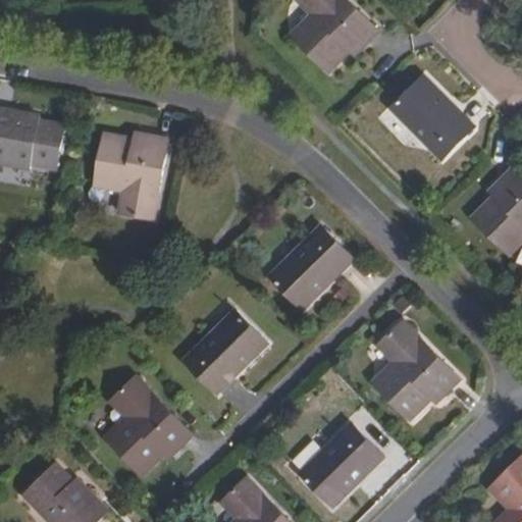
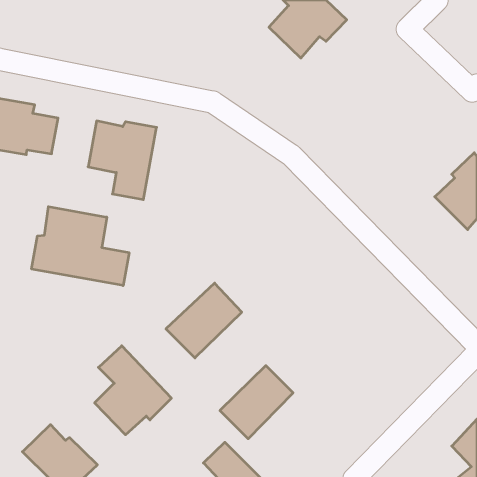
building: [392,72,475,157] -> none
building: [269,226,351,309] -> none
building: none -> [32,207,129,286]
building: [374,321,460,418] -> none
building: [302,429,381,509] -> [220,366,293,439]

